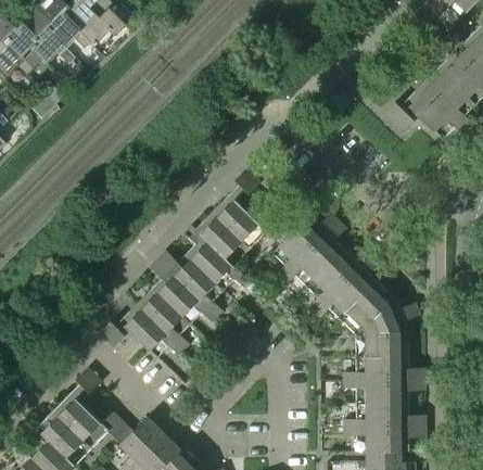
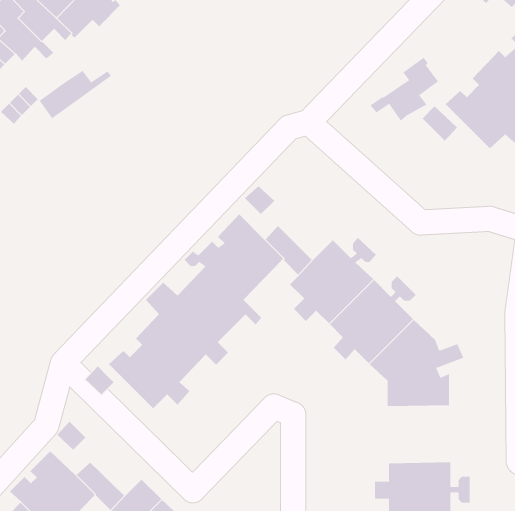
building: none -> [370,57,441,122]
building: none -> [39,70,112,119]
building: [343,355,425,404] -> none

